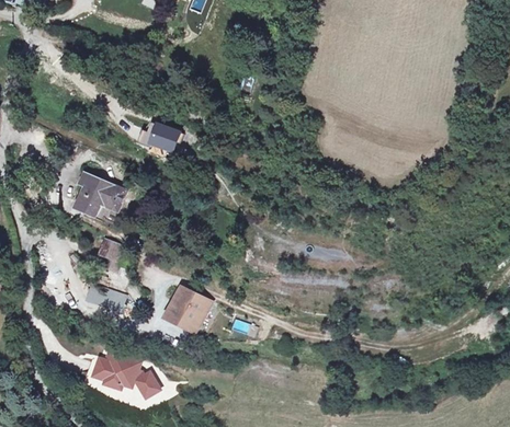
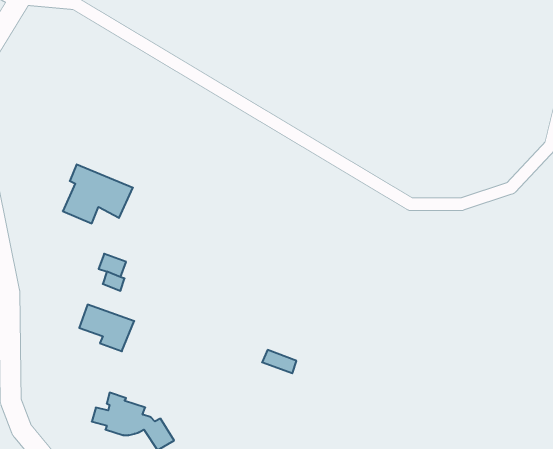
building: [138,122,183,151] -> none
building: [165,287,211,332] -> none

